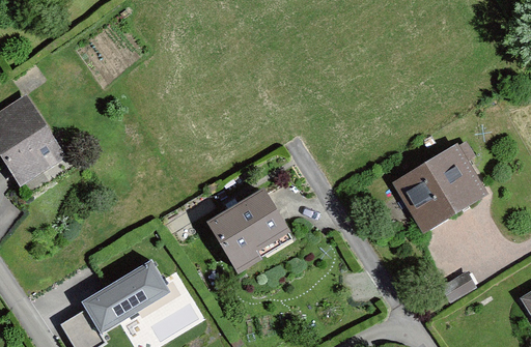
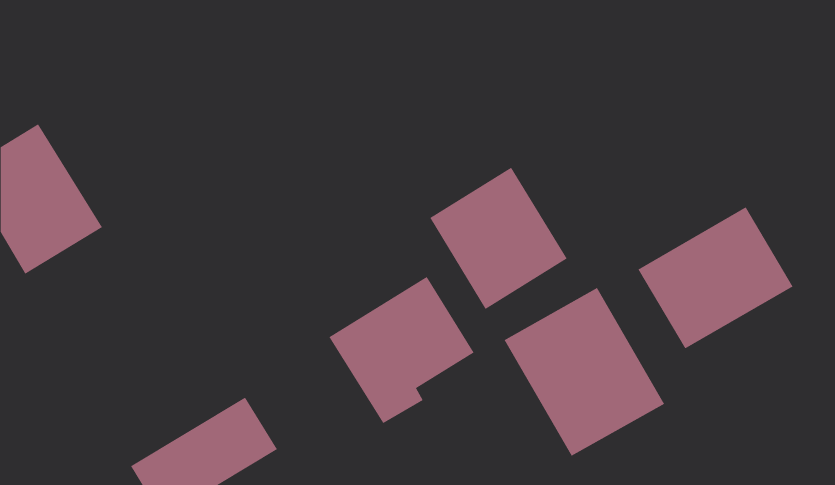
building: none -> [429,167,567,310]
building: none -> [504,287,665,457]

